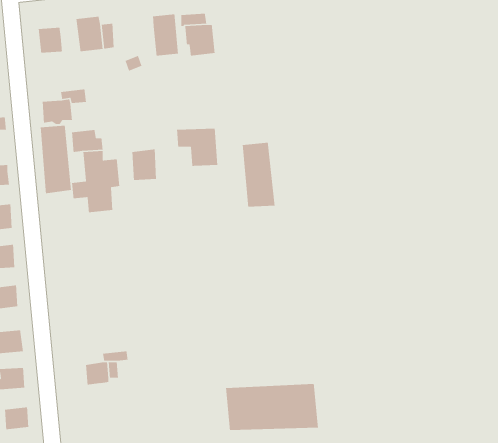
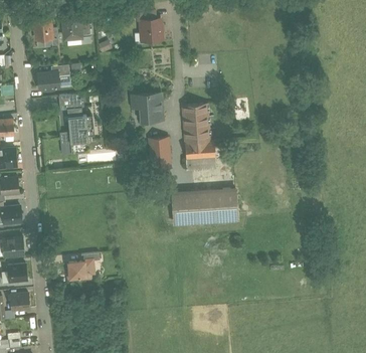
building: [152,14,179,56] -> none
building: [40,125,72,194] -> none
building: [132,149,157,181] -> [150,137,168,160]
building: none -> [185,148,214,168]
building: [225,383,319,431] -> [171,187,238,221]

